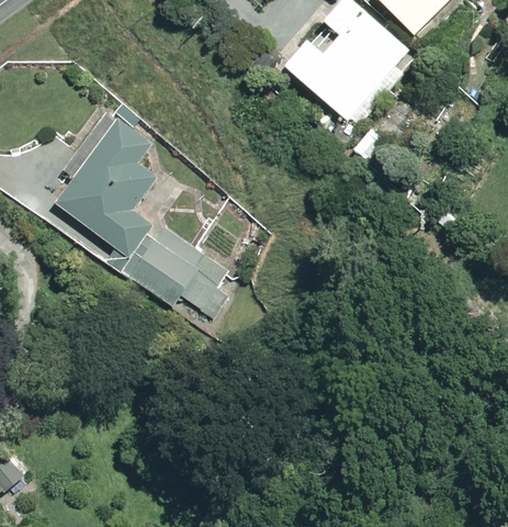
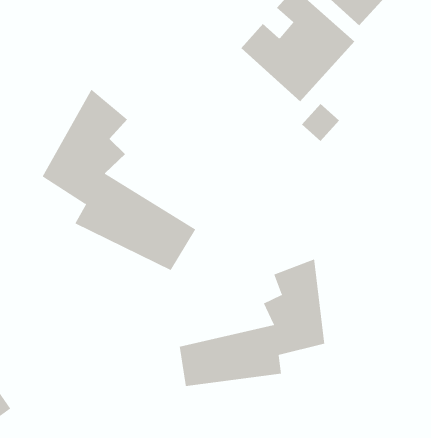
building: none -> [179,259,325,387]

